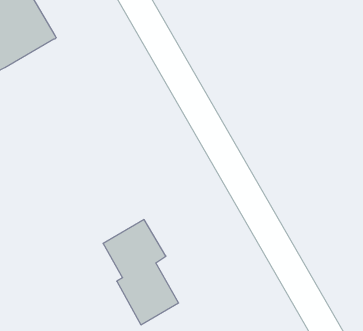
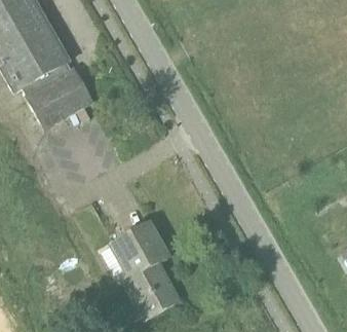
building: none -> [21,60,89,124]

